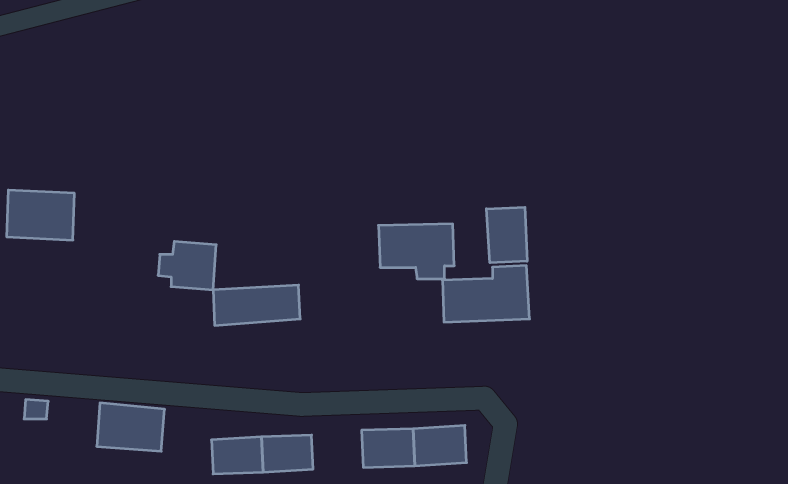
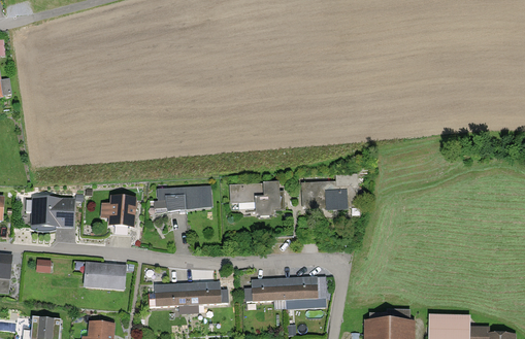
building: [7,190,74,240] -> [30,197,73,229]
building: [486,207,527,263] -> none
building: [378,224,454,279] -> [230,181,278,216]
building: [158,241,216,290] -> [99,195,136,226]

